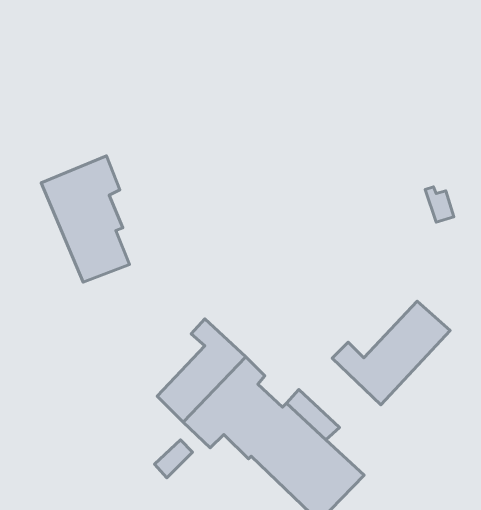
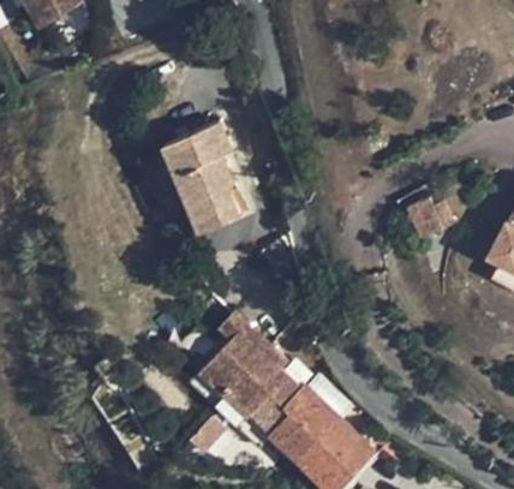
building: [41,156,130,282] -> [162,123,240,234]
building: [332,301,450,405] -> none

